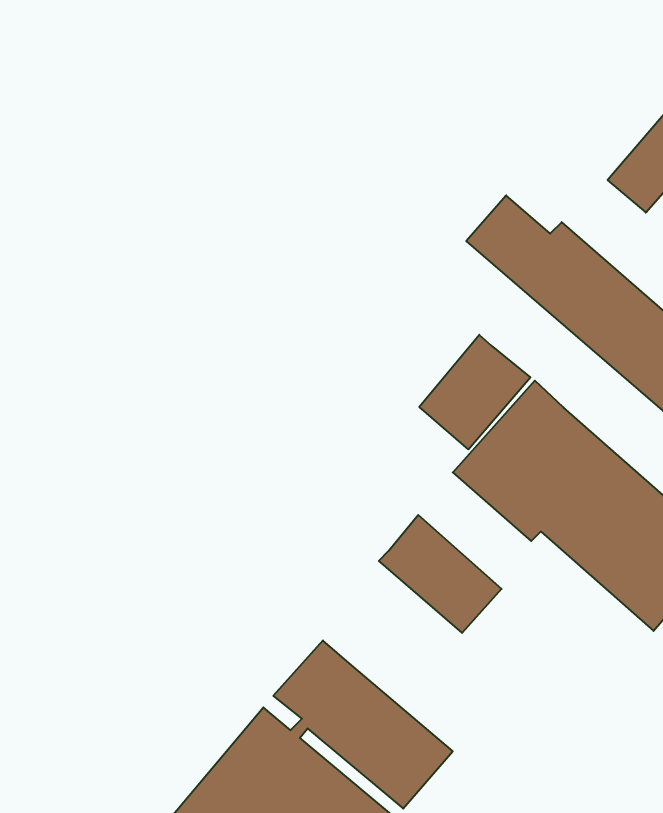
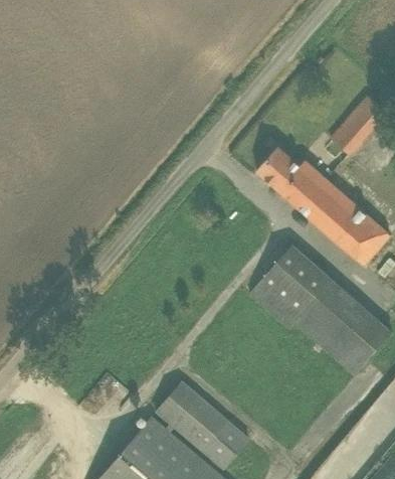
building: [419,335,530,449] -> none
building: [379,515,502,633] -> none

